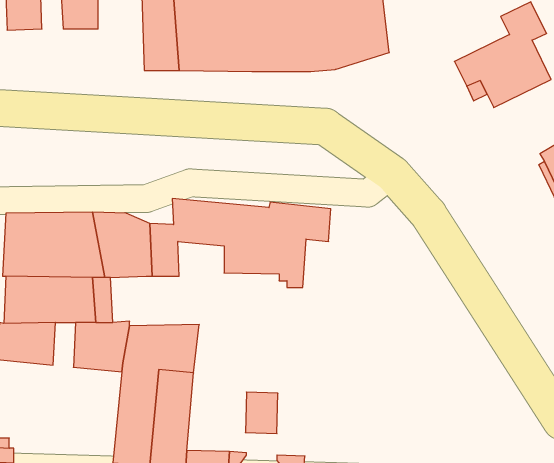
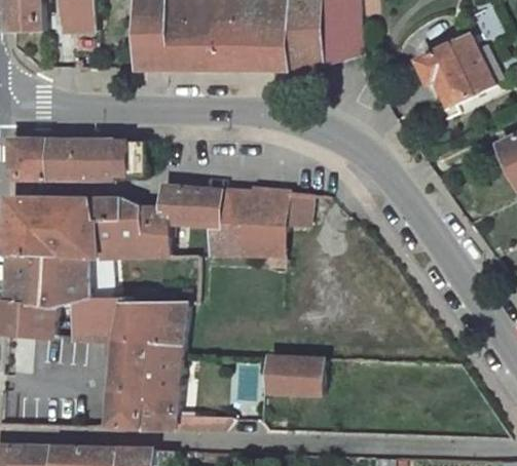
building: none -> [8,141,142,180]
building: none -> [265,356,321,394]

